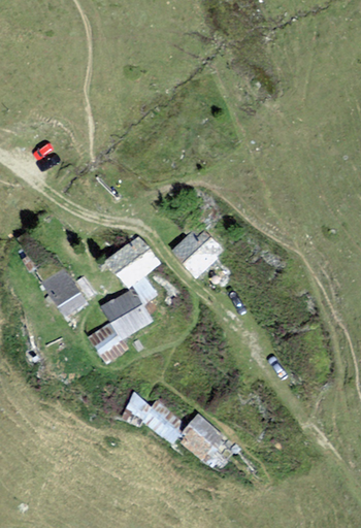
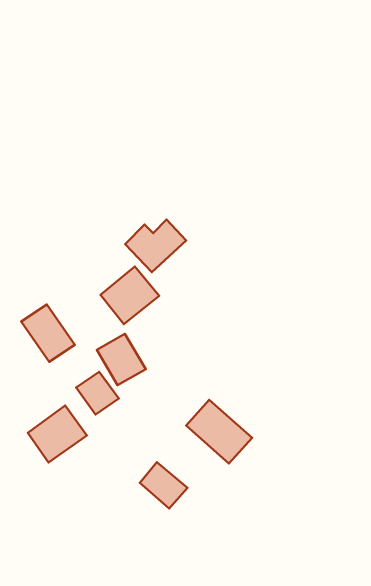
building: [173,230,225,274] -> [125,220,186,272]
building: none -> [28,406,87,462]
building: [178,414,234,467] -> [186,400,252,463]

